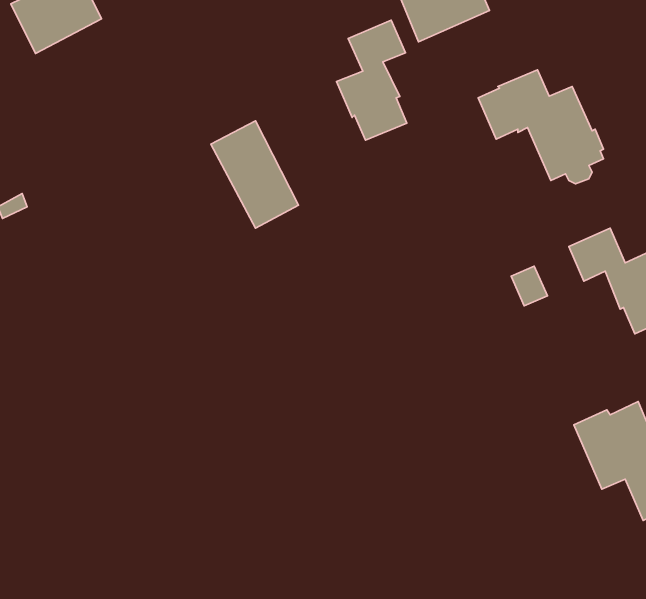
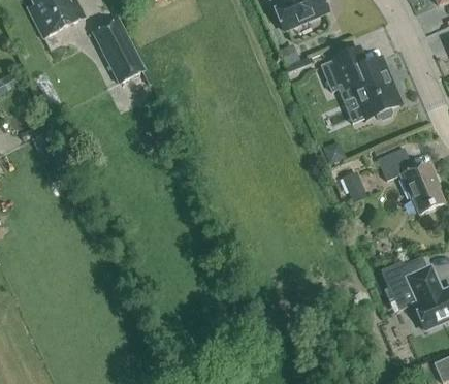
building: [337,20,407,140] -> none
building: [211,121,298,228] -> [91,17,146,84]

